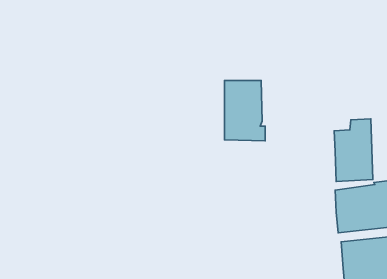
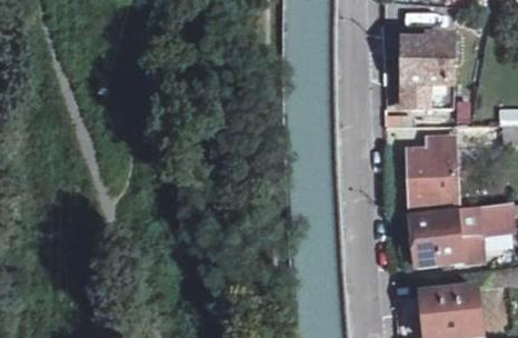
building: [225,81,265,141] -> [402,42,448,110]

